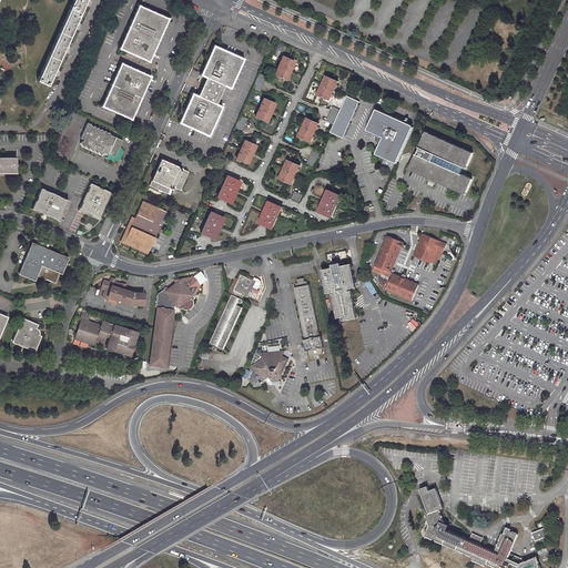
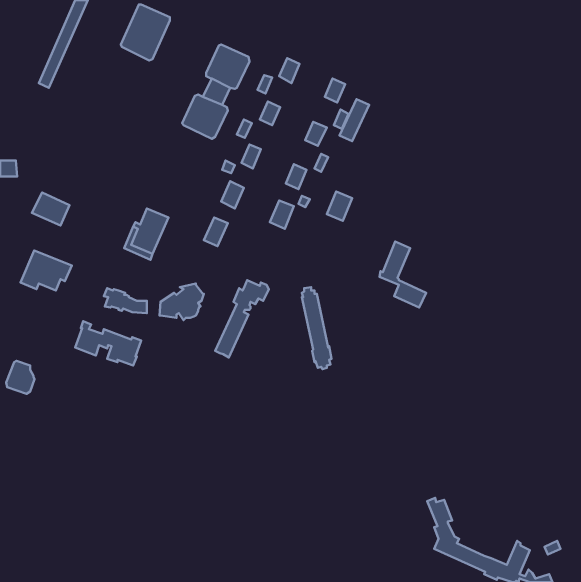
building: [101,61,149,115] -> none
building: [367,109,414,162] -> none
building: [82,124,124,161] -> none
building: [409,131,474,193] -> none
building: [148,160,187,194] -> none
building: [79,183,112,219] -> none
building: [413,233,446,265] -> none
building: [320,261,354,318] -> none
building: [150,307,175,368] -> none
building: [12,317,40,349] -> [6,361,35,394]
building: [253,345,288,384] -> none

